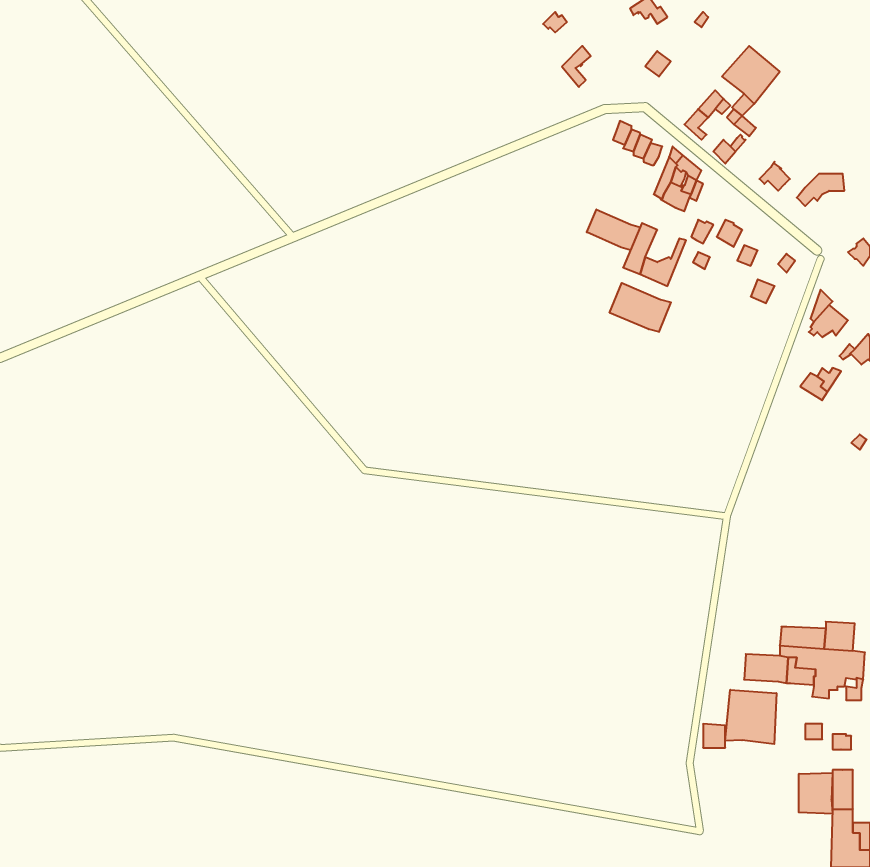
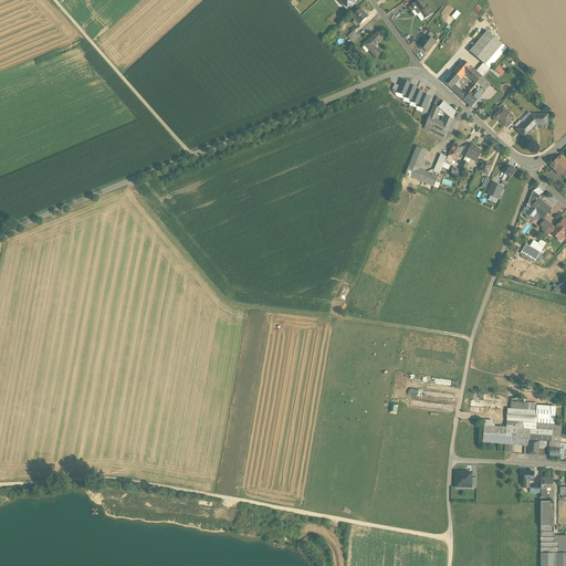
building: [587,209,640,250] -> none
building: [610,283,671,332] -> none
building: [725,690,776,744] -> none
building: [799,773,832,814] -> none

